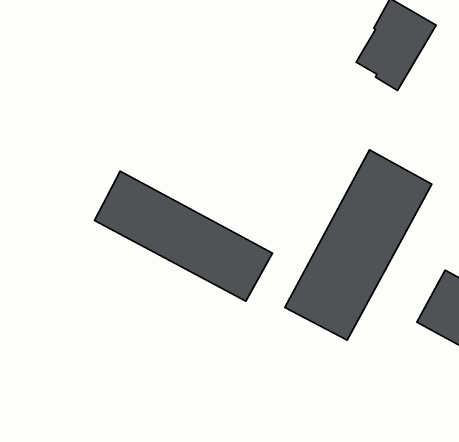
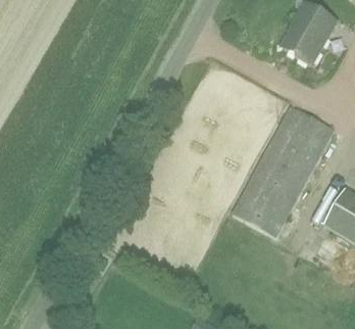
building: [94,171,272,301] -> none

